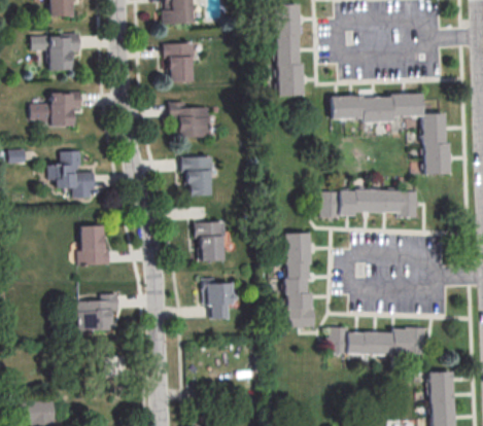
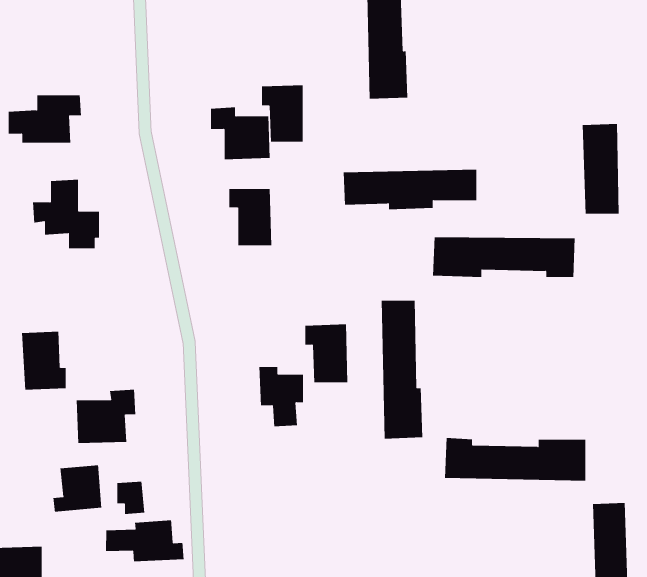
building: [31,34,79,70] -> none
building: [164,42,193,81] -> [261,85,303,142]
building: [331,95,422,122] -> [343,169,477,210]
building: [195,221,225,261] -> [304,324,348,383]
building: [78,224,109,264] -> [21,331,67,390]
building: none -> [53,464,102,512]
building: none -> [106,519,184,562]

